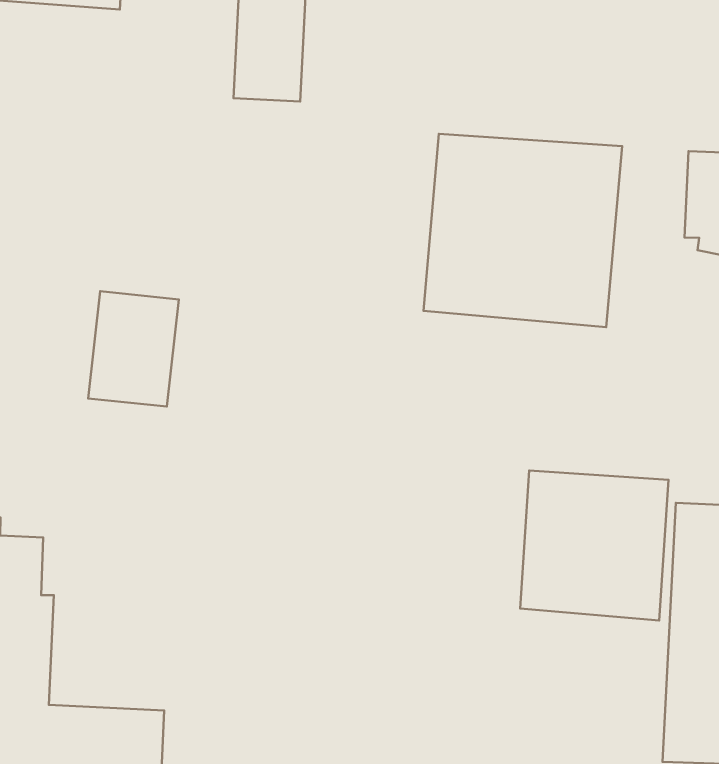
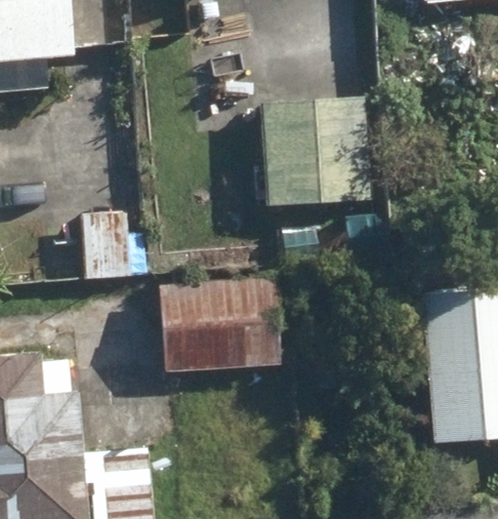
building: none -> [159,279,314,373]
building: [520,471,669,621] -> none

